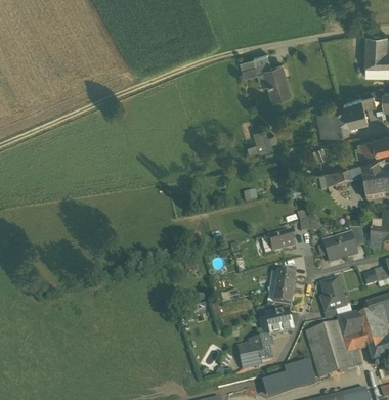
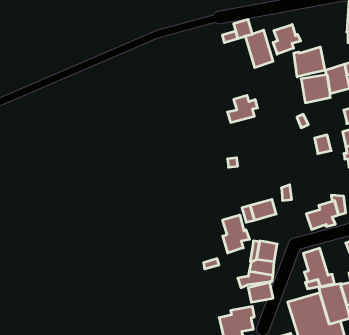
building: none -> [273,24,301,54]
building: none -> [294,47,325,77]
building: none -> [223,215,250,253]

